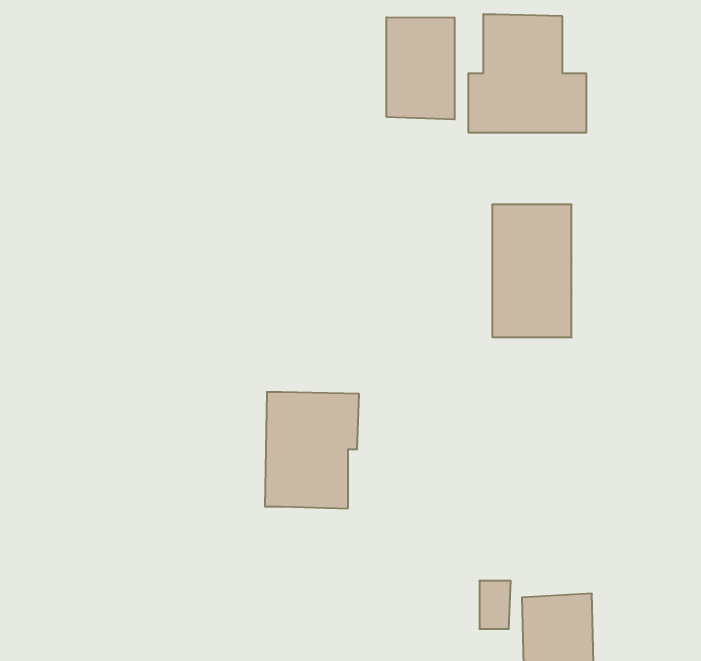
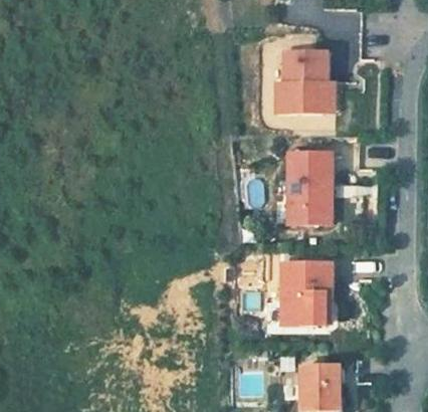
building: [387,17,454,120] -> none
building: [265,392,359,508] -> [280,261,332,325]

